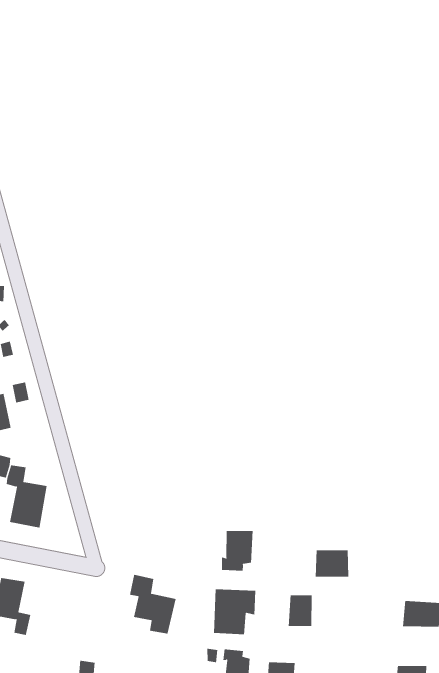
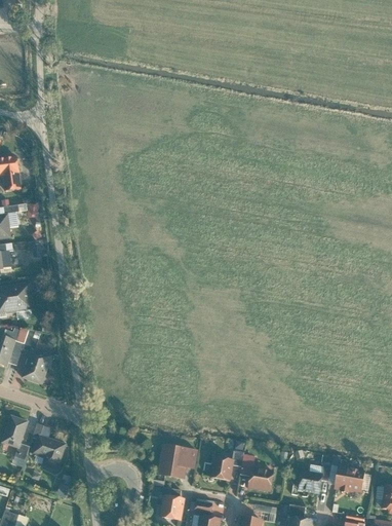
building: [221,530,253,571] -> none
building: [315,550,349,577] -> [245,466,272,489]
building: [129,574,177,634] -> [33,423,67,469]

